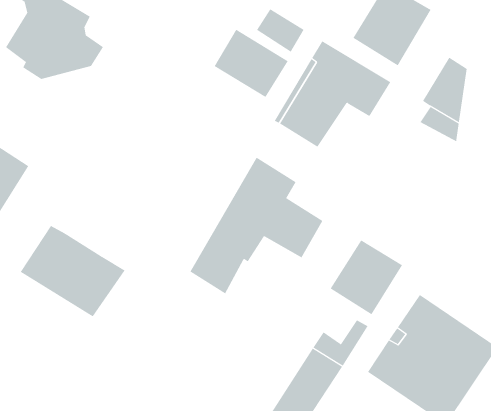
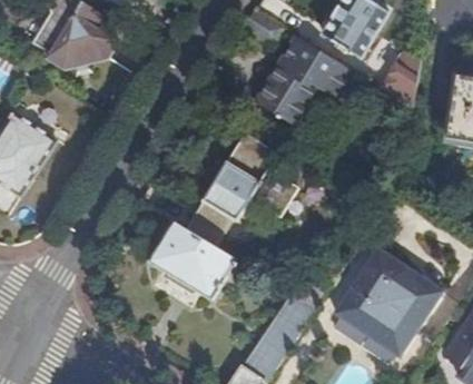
building: [214,29,288,98] -> none
building: [20,225,125,317] -> [149,221,237,298]
building: [330,239,403,315] -> none

